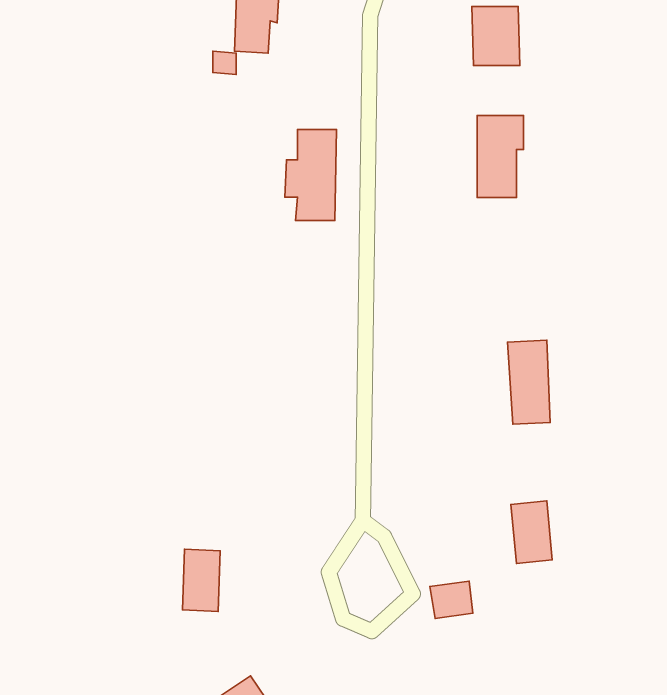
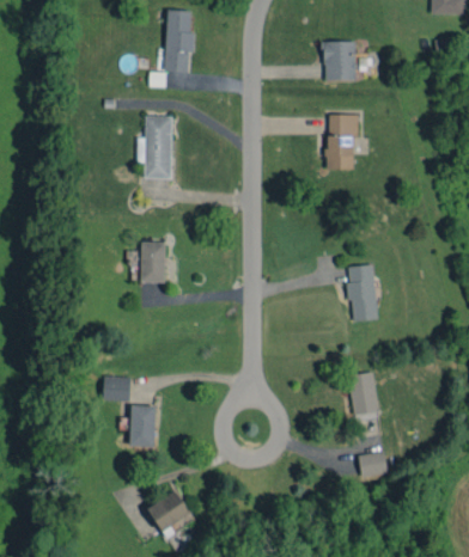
building: [285,129,337,220] -> [138,117,172,178]
building: none -> [141,241,165,282]
building: none -> [104,377,130,402]
building: [430,581,473,619] -> [359,452,388,477]

